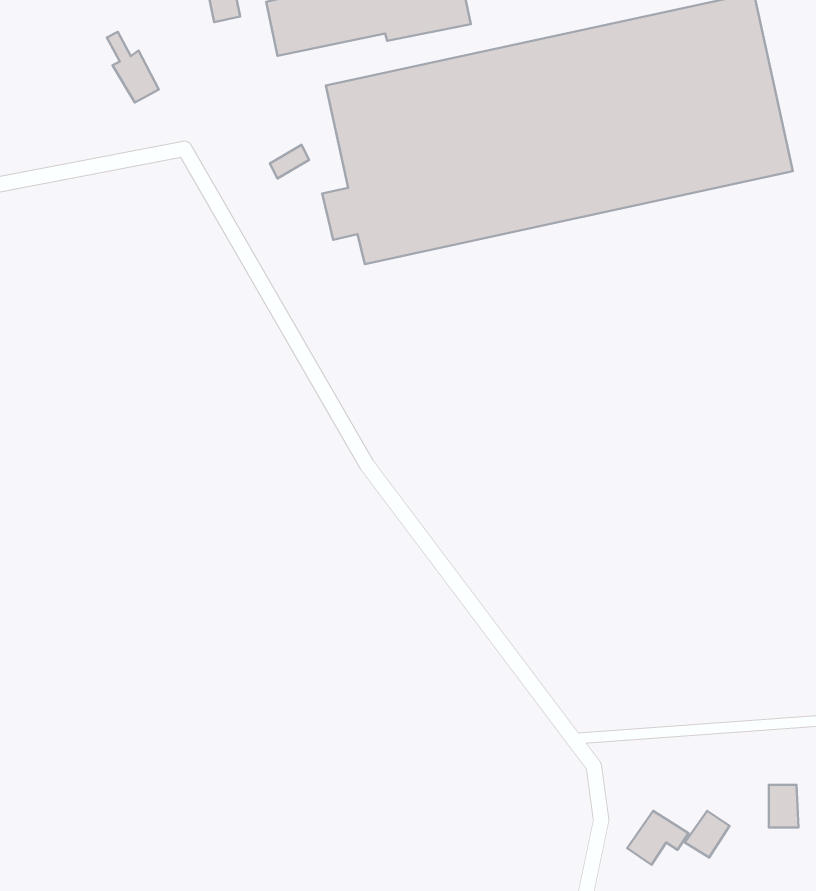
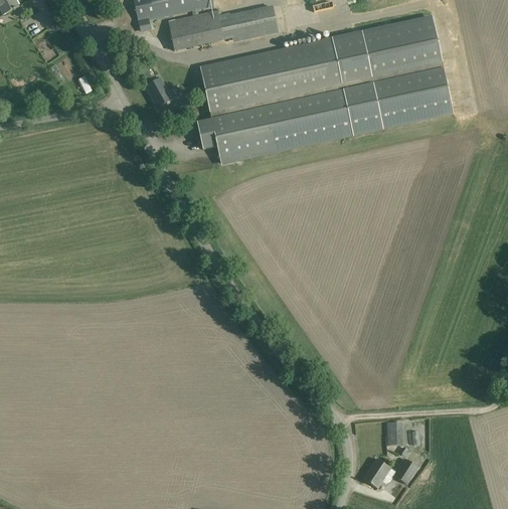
building: [107,32,159,103] -> [143,67,171,106]
building: [769,785,798,828] -> [387,420,403,444]

